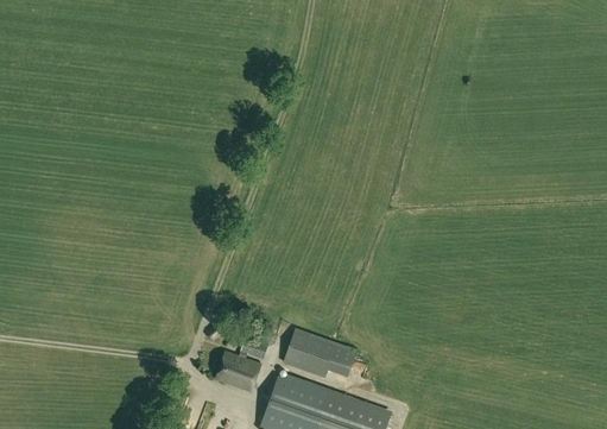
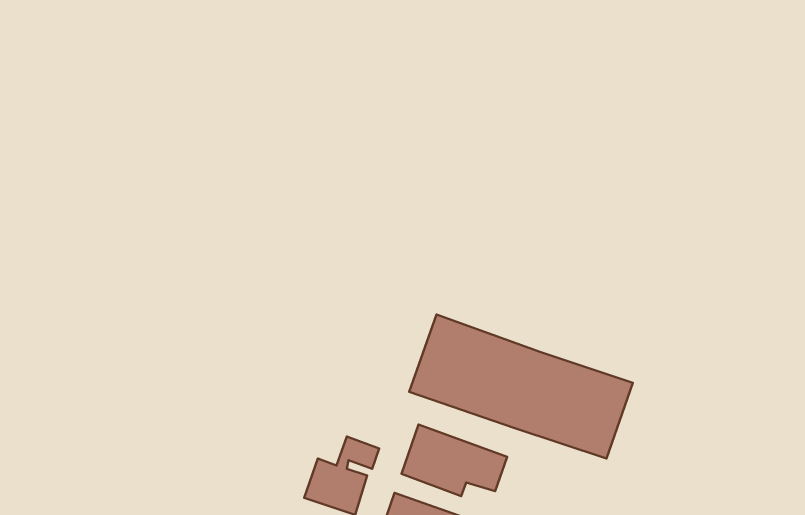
building: none -> [409,314,633,459]

